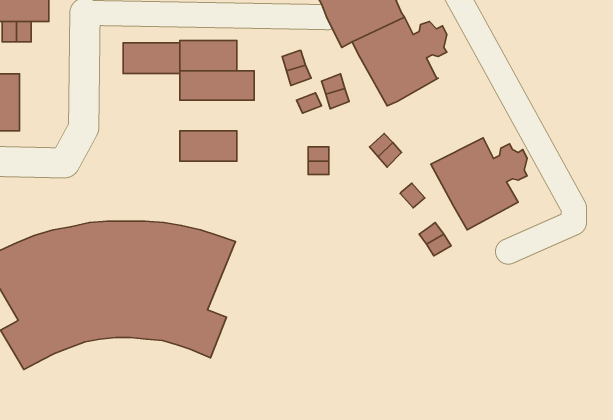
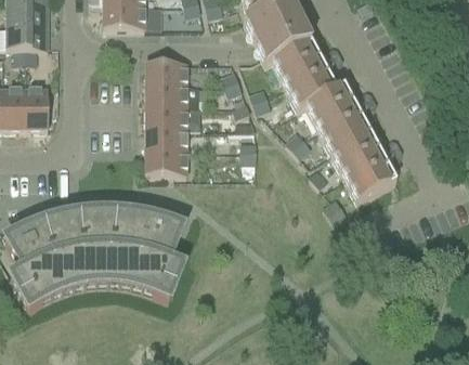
building: [123,43,180,73] -> [145,109,187,132]
building: none -> [307,89,377,157]
building: none -> [26,90,48,132]
building: none -> [145,155,187,177]

